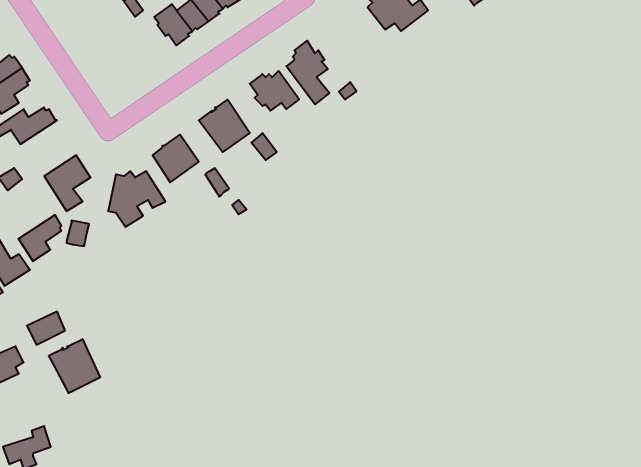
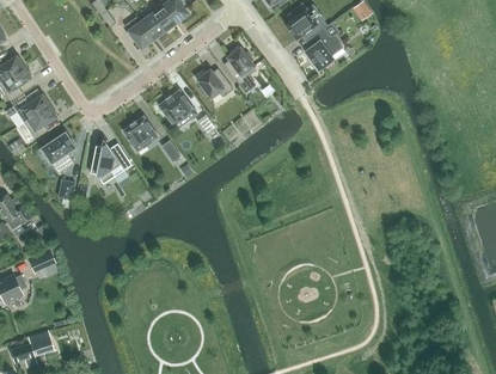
building: none -> [305,27,342,70]
building: [18,215,61,261] -> [24,104,56,139]
building: [49,339,100,393] -> none

